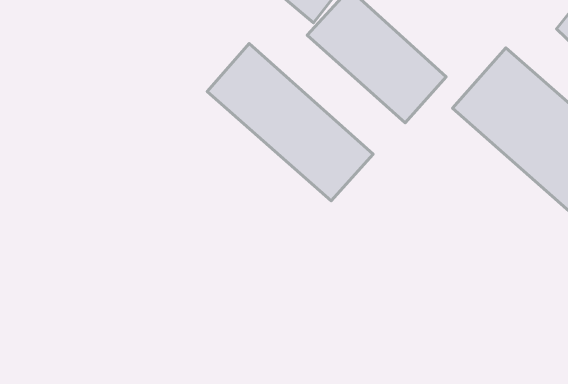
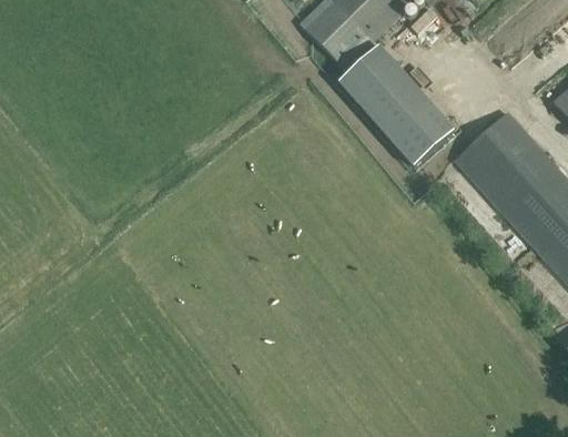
building: [207,43,373,201] -> none

